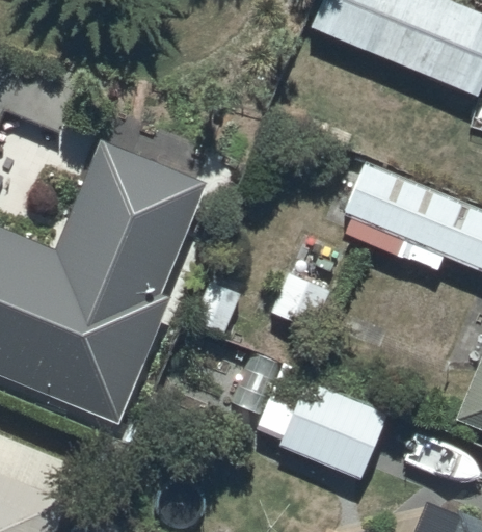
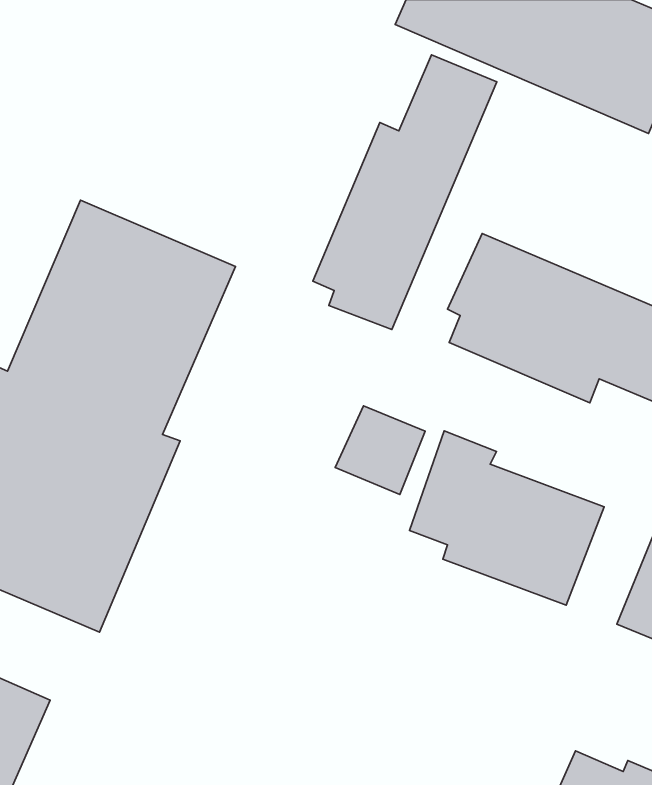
building: none -> [313,55,497,329]
building: [259,364,386,478] -> [409,431,604,605]

